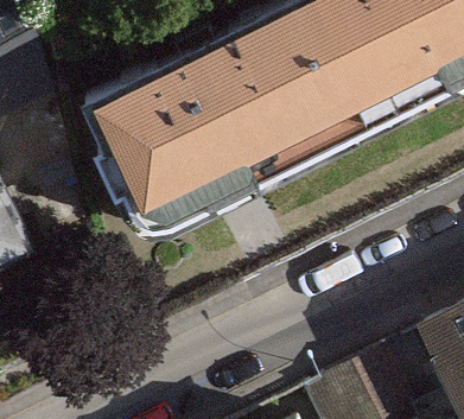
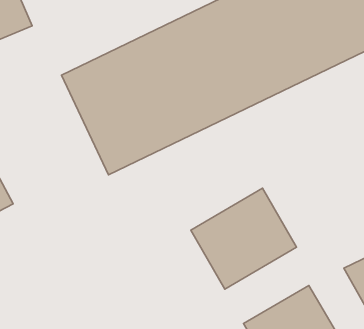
building: none -> [191,188,296,289]

